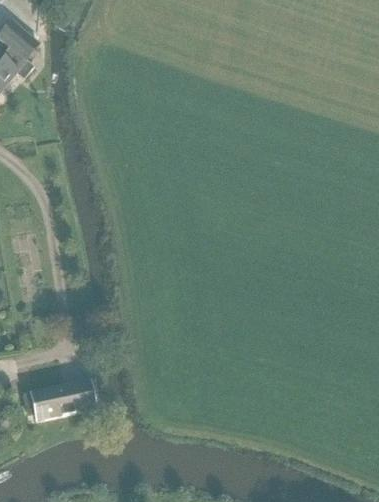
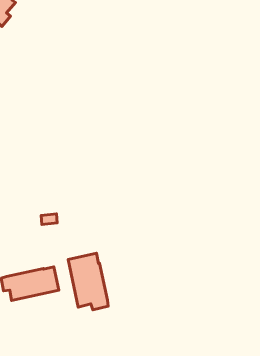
building: none -> [68,253,108,310]

